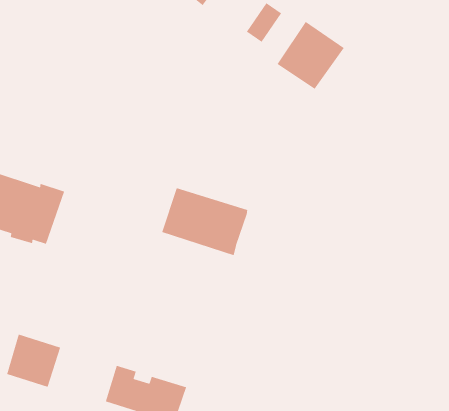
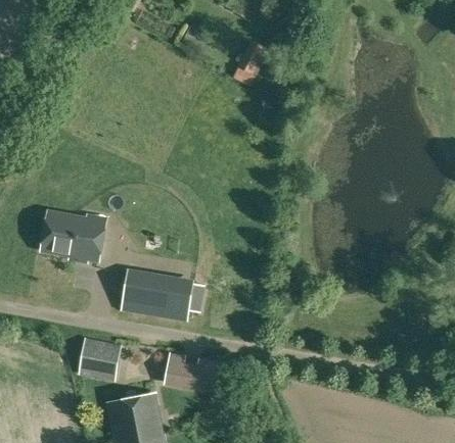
building: [277,21,345,90] -> none
building: [161,187,248,256] -> [124,270,192,321]

